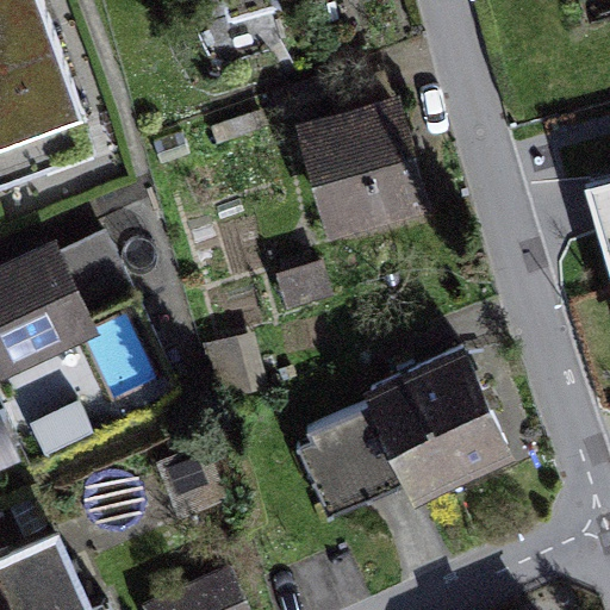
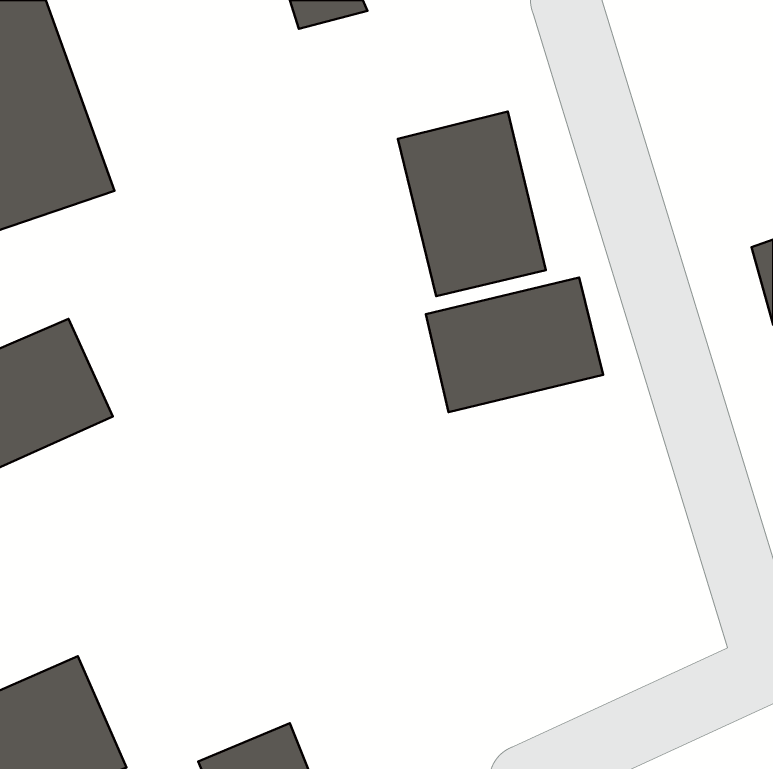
building: none -> [426,278,603,412]
building: [290,355,508,516] -> none

